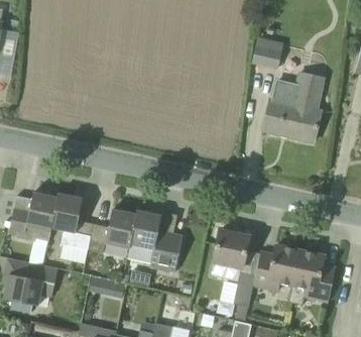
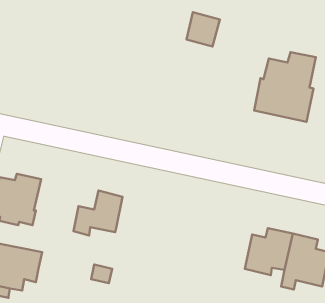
building: [247,33,279,67] -> [187,12,220,47]
building: [50,193,94,247] -> none
building: [127,210,186,272] -> none
building: [210,229,256,306] -> none

